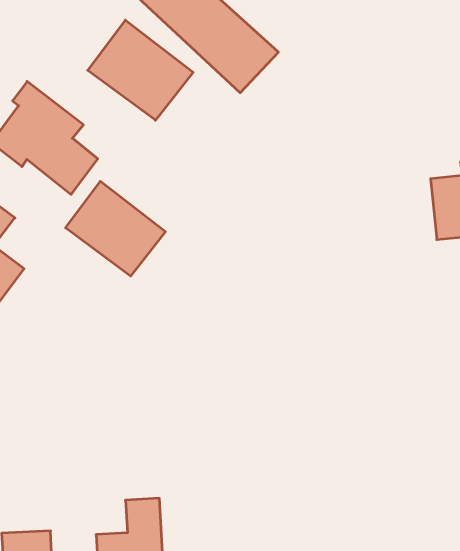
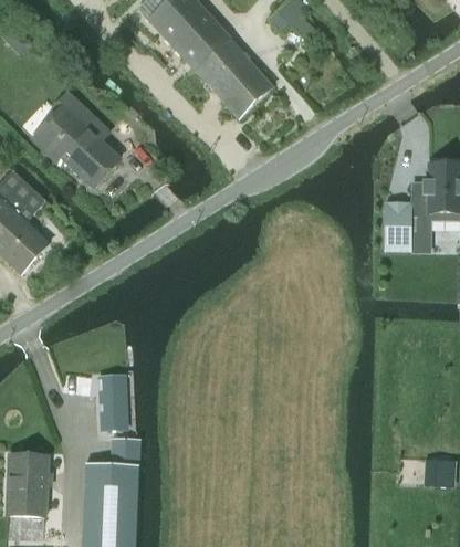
building: [88,20,193,120] -> none
building: [66,181,165,276] -> none
building: none -> [96,374,127,431]

